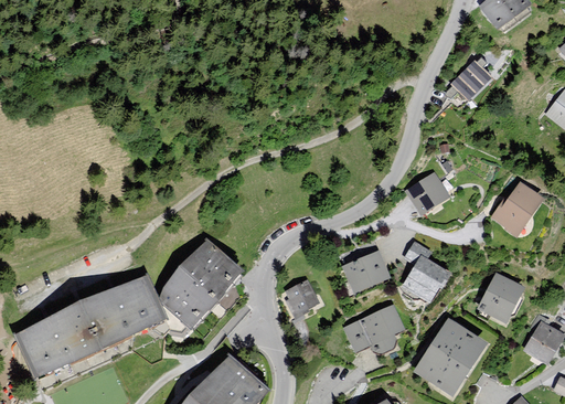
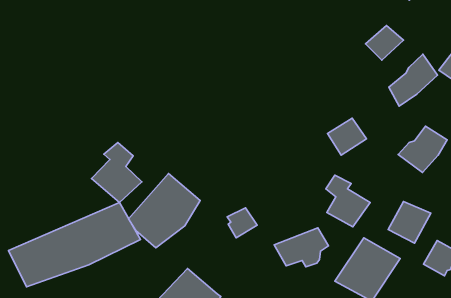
building: none -> [389,54,438,106]
building: none -> [91,143,142,202]
building: [341,249,392,293] -> none

